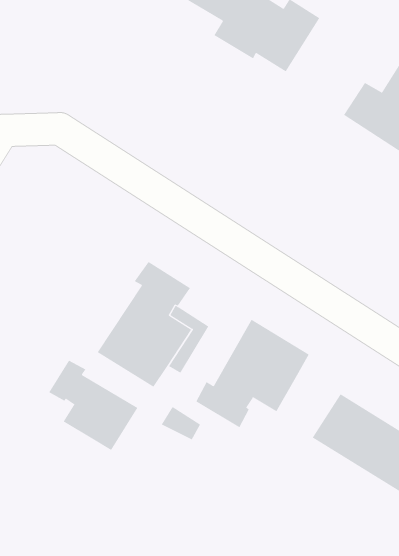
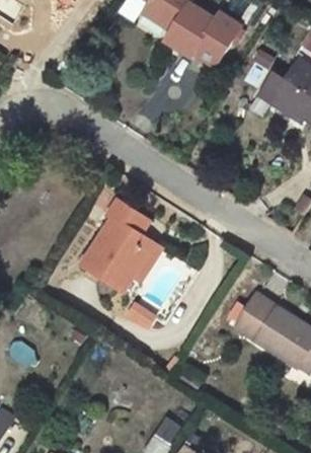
building: [196,319,310,428] -> none
building: [49,360,138,451] -> none

